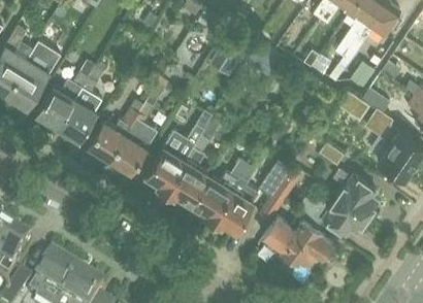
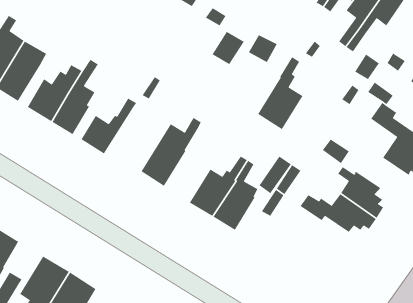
building: [110,110,157,169] -> none
building: [168,131,213,202] -> [257,56,303,130]
building: [264,213,332,265] -> none

